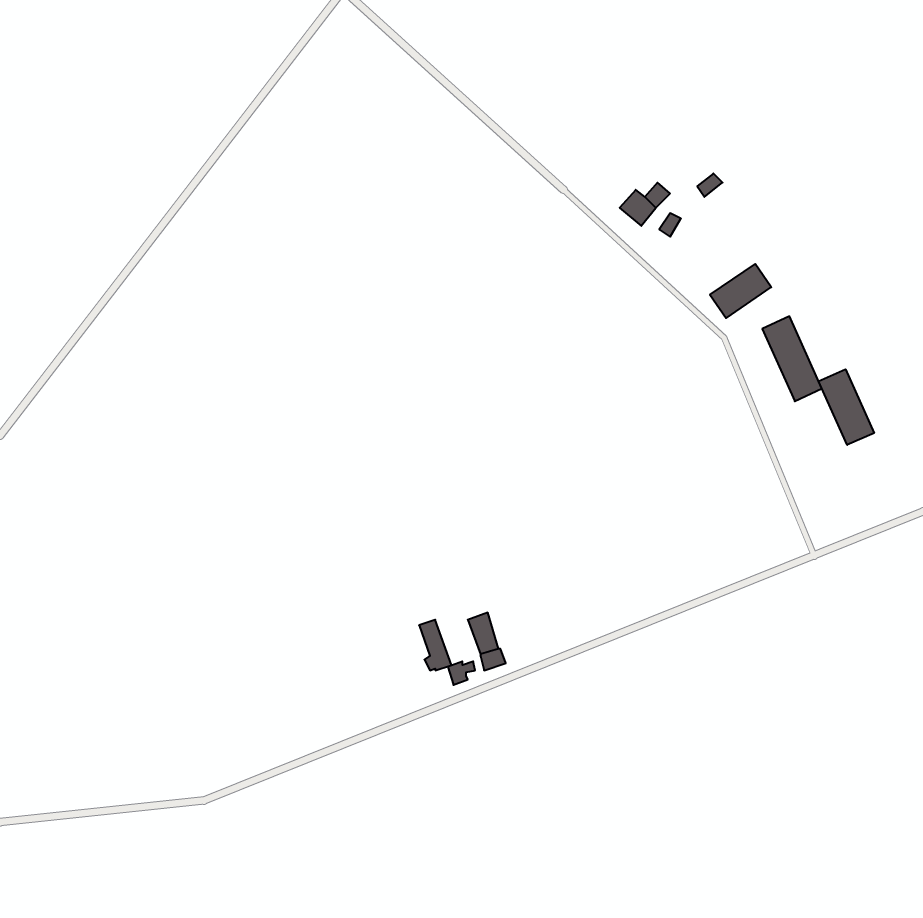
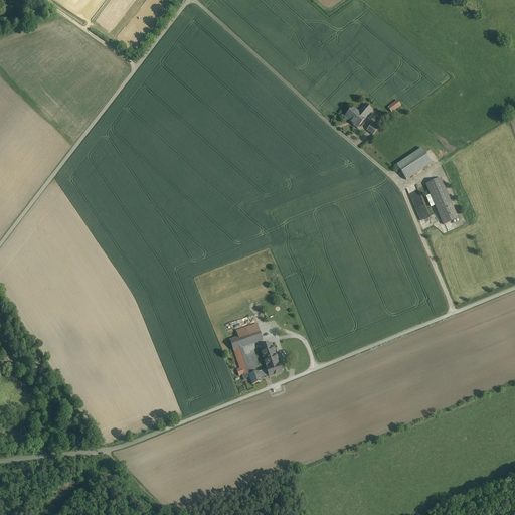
building: [818,369,874,445] -> none
building: none -> [230,323,263,348]

